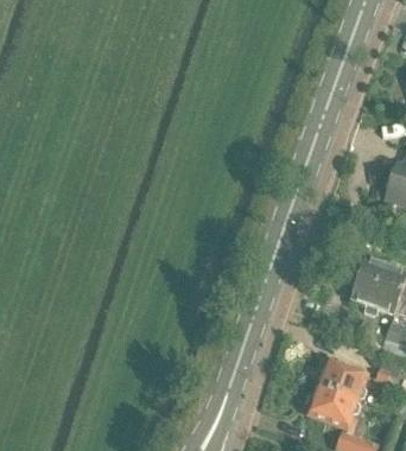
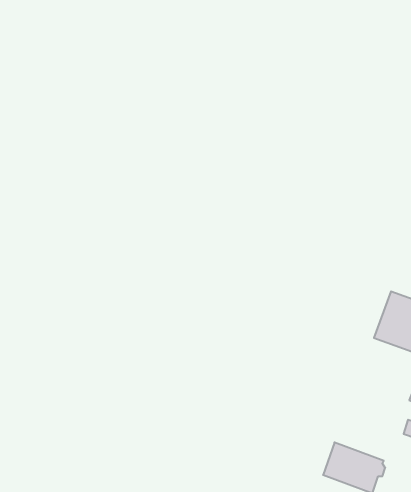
building: [317,358,369,401] -> none

